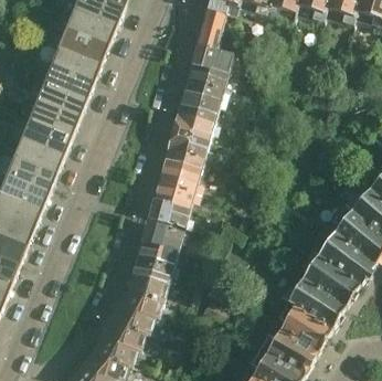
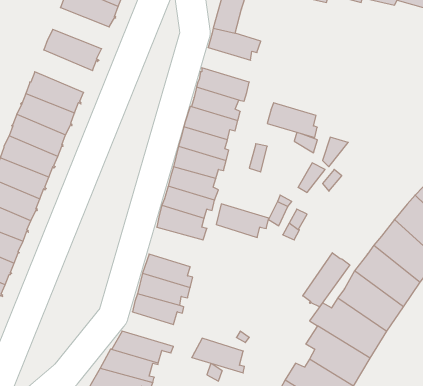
building: [57,27,106,62] -> none
building: [185,61,229,91] -> [267,103,317,137]
building: [42,63,92,99] -> none
building: [140,221,185,250] -> [216,204,269,237]
building: none -> [303,253,350,307]
building: [117,288,162,318] -> [192,338,244,373]

